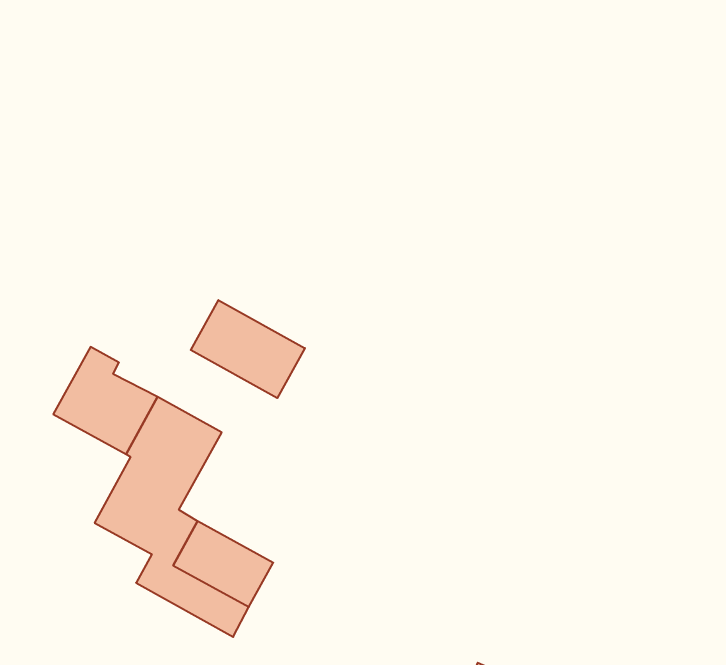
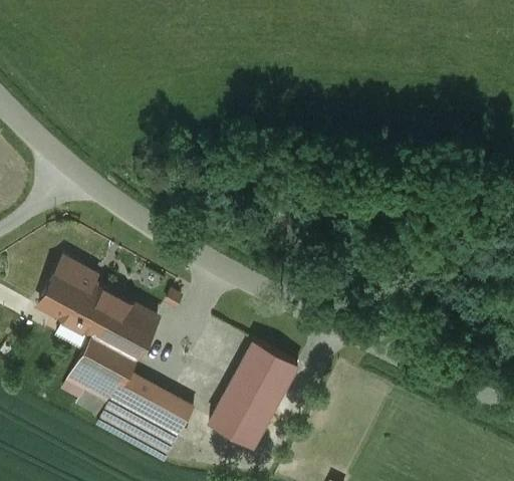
building: [191,300,305,398] -> none
building: none -> [210,340,298,445]

